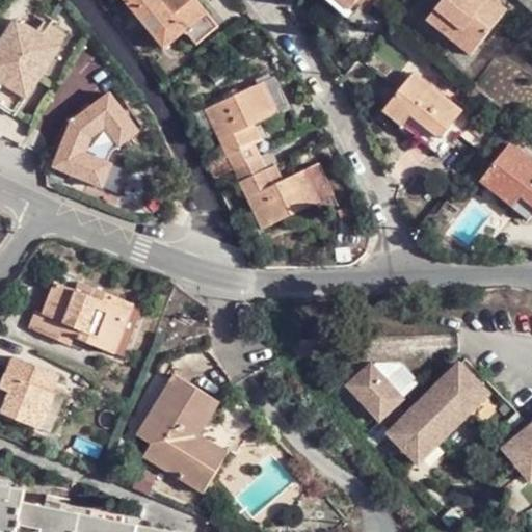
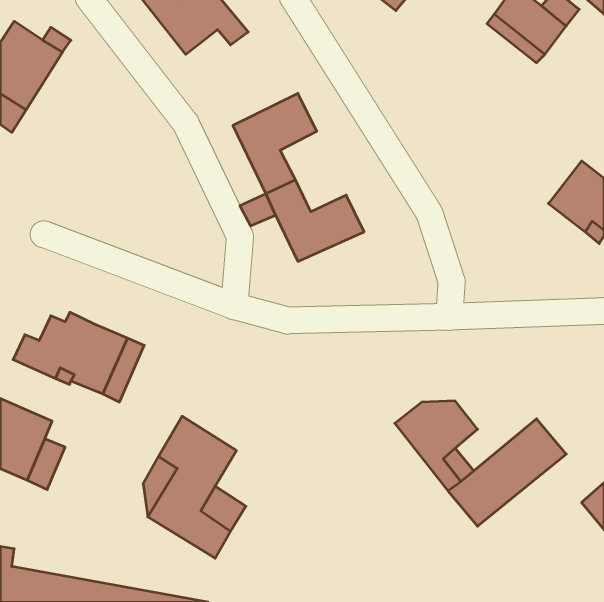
building: [381,71,470,156] -> none
building: [51,94,136,187] -> none

